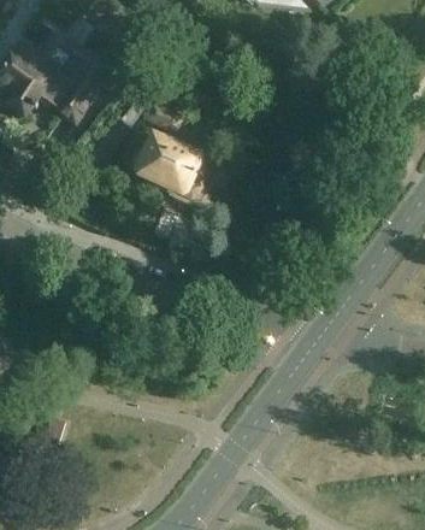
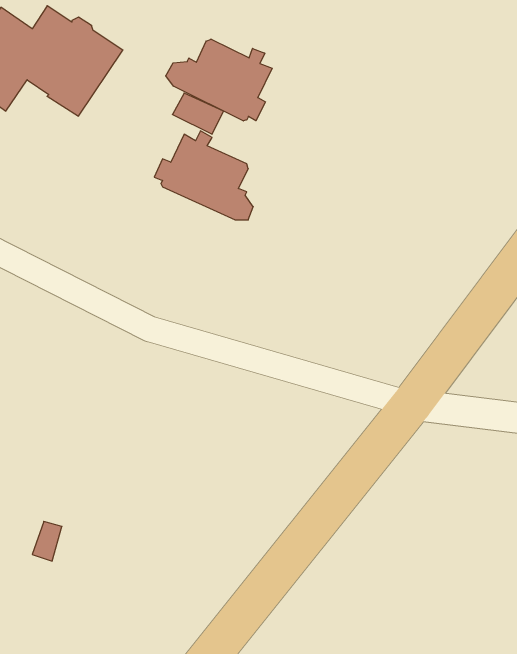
building: none -> [166,39,272,121]

